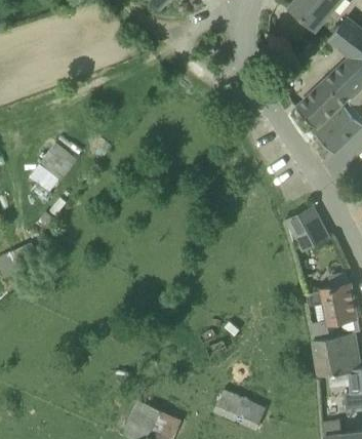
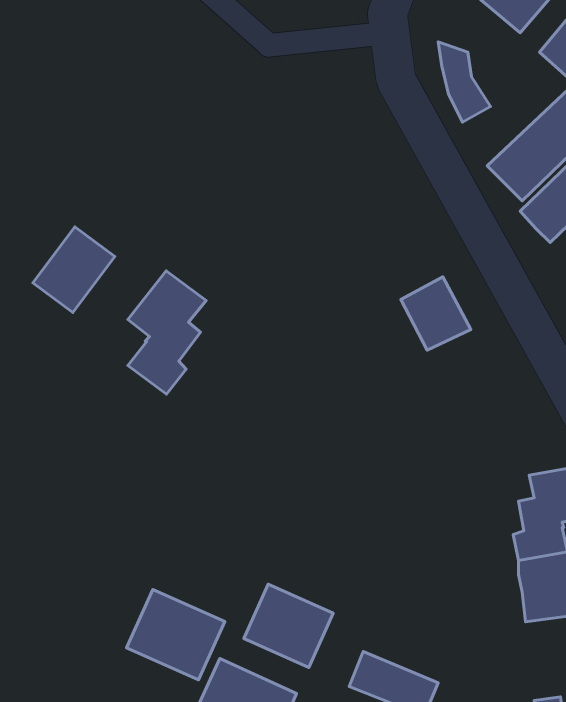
building: none -> [128,271,206,394]
building: [287,207,328,250] -> [401,277,471,350]
building: none -> [244,584,333,667]
building: none -> [126,589,225,680]

